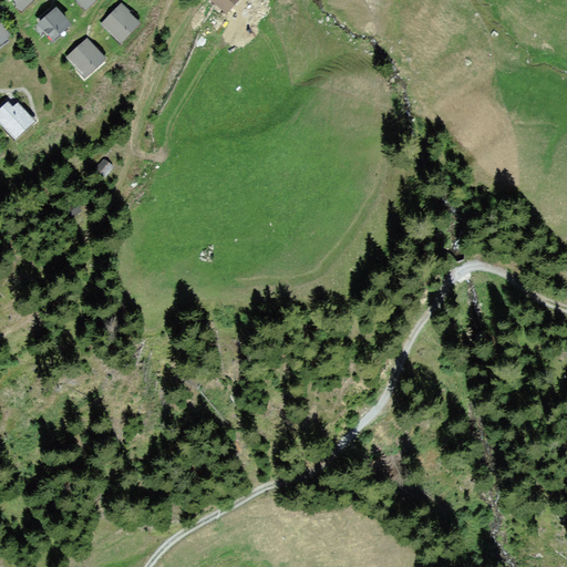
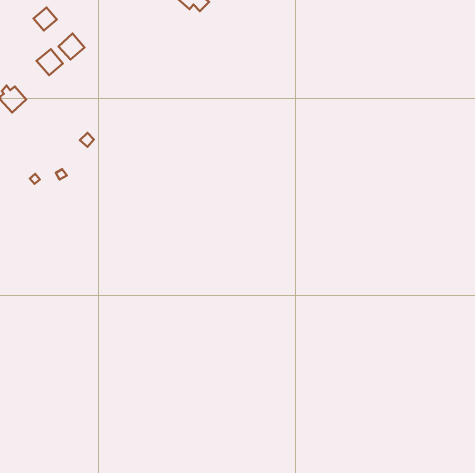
building: [104,6,135,38] -> none
building: none -> [36,49,63,75]

